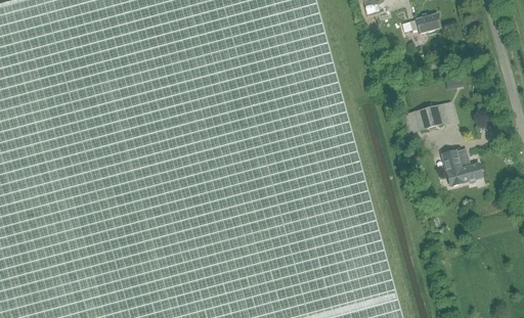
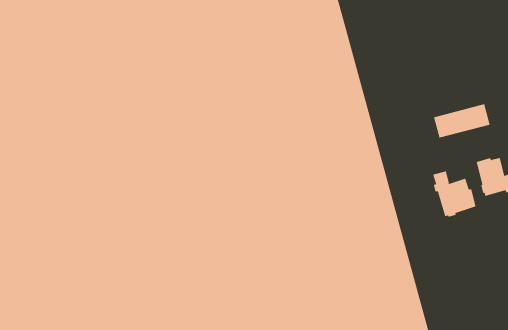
building: [409,13,441,33] -> none
building: none -> [433,171,476,217]

